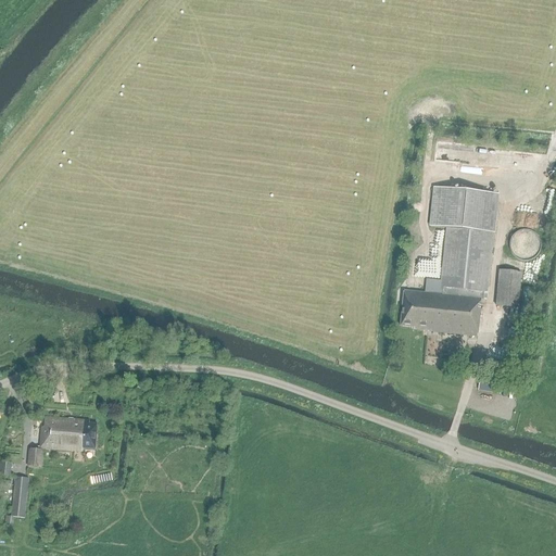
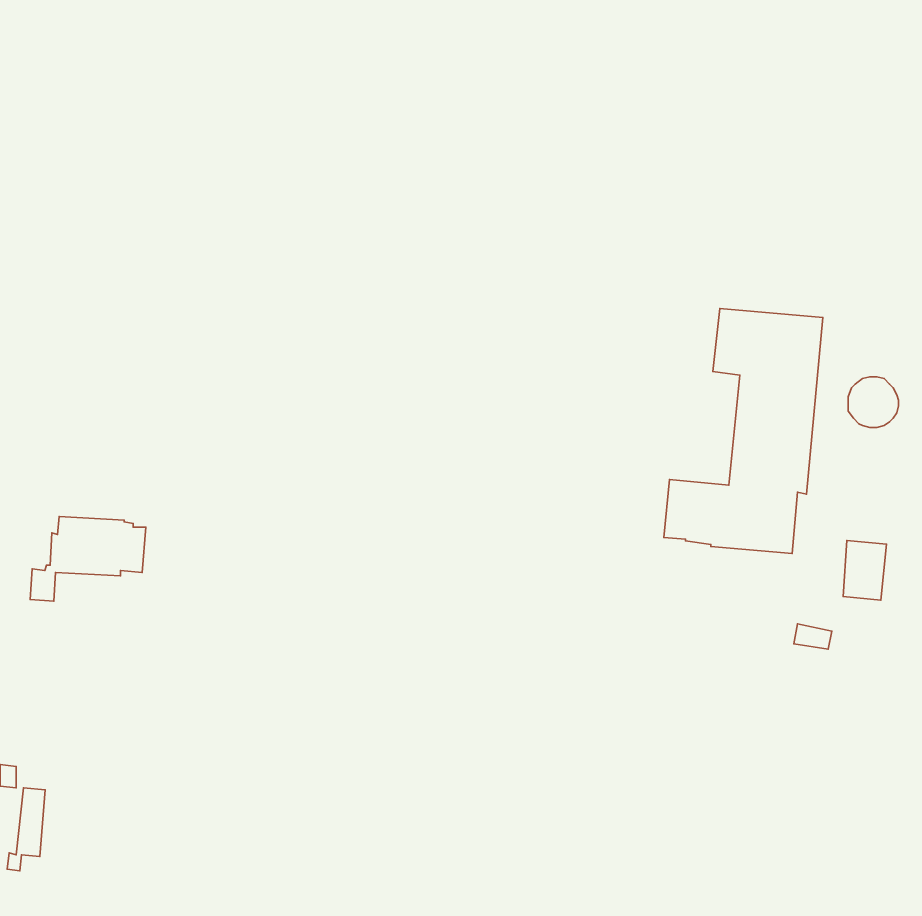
building: [495,268,521,304] -> [843,541,886,600]
building: [27,414,97,465] -> [30,516,146,601]

